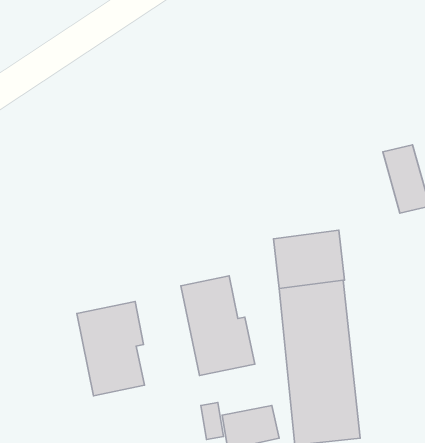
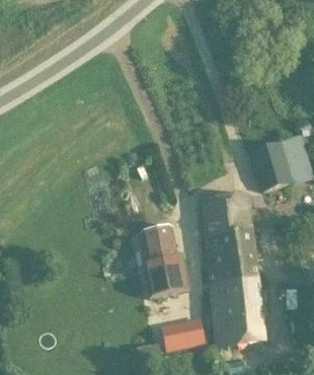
building: none -> [252,142,291,191]
building: [77,301,144,396] -> none

